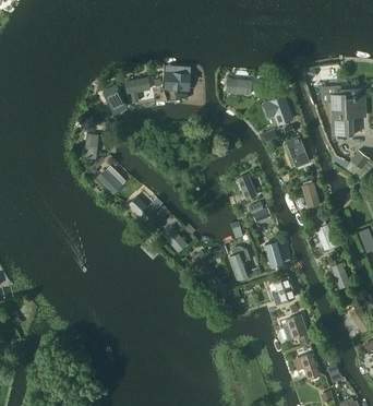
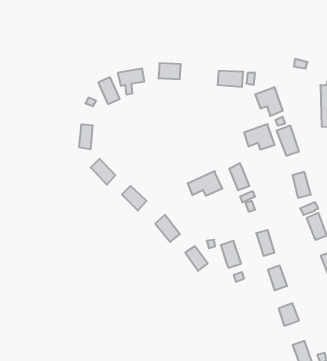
building: none -> [244,124,275,150]
building: none -> [188,171,222,196]

